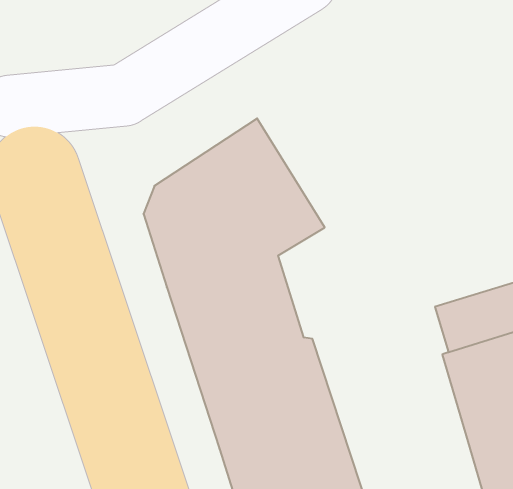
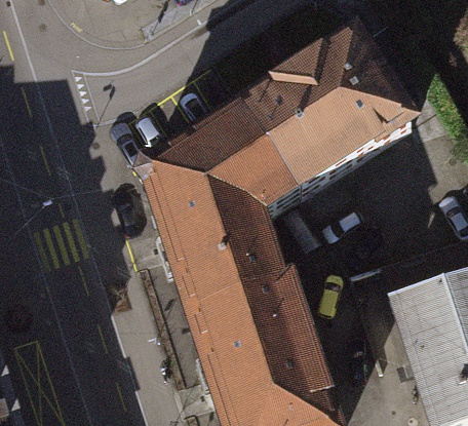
building: none -> [241,33,407,192]

